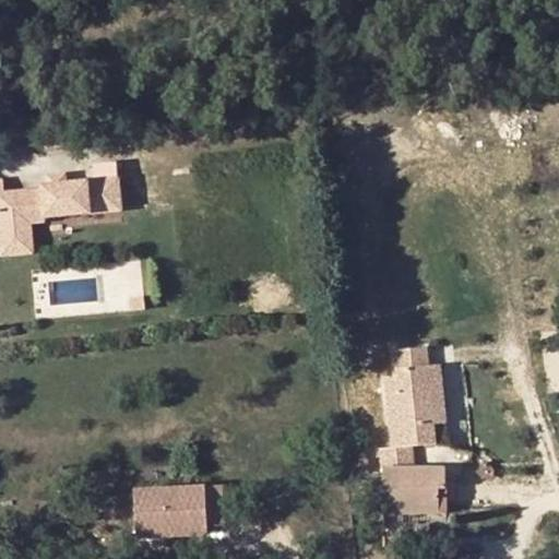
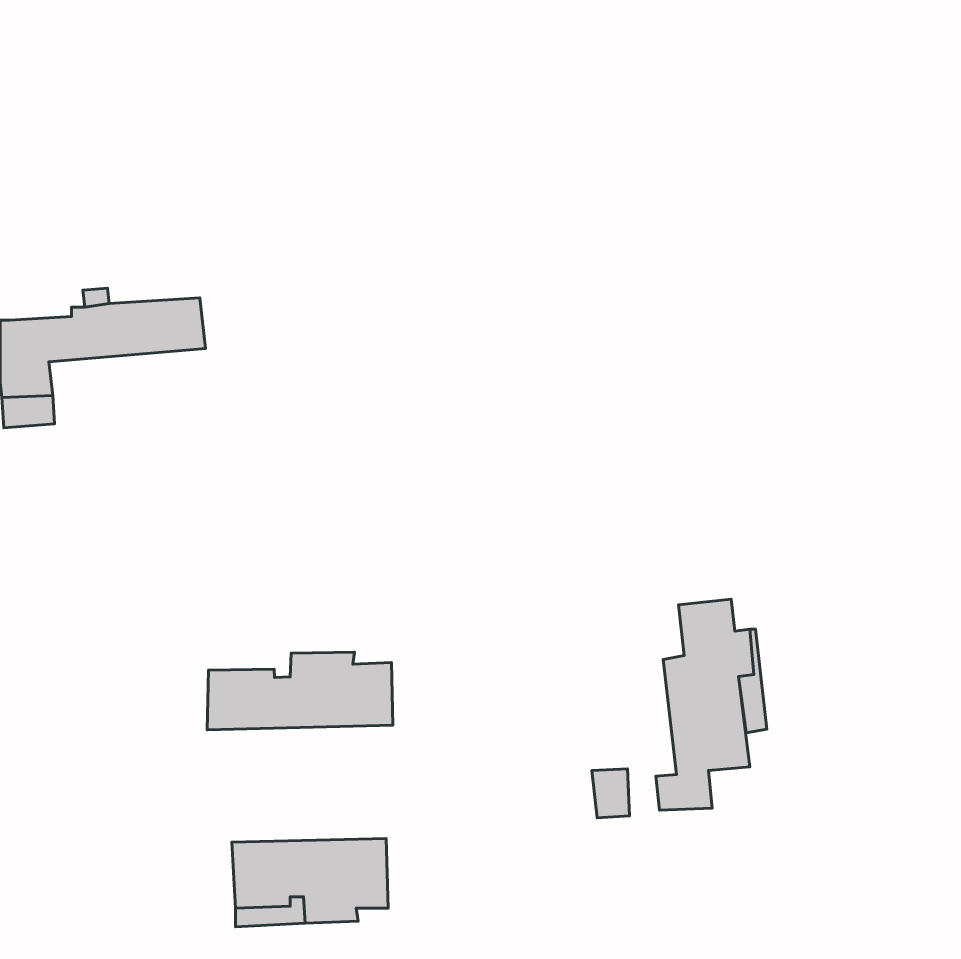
building: none -> [207,652,393,730]
building: [383,471,447,514] -> none

